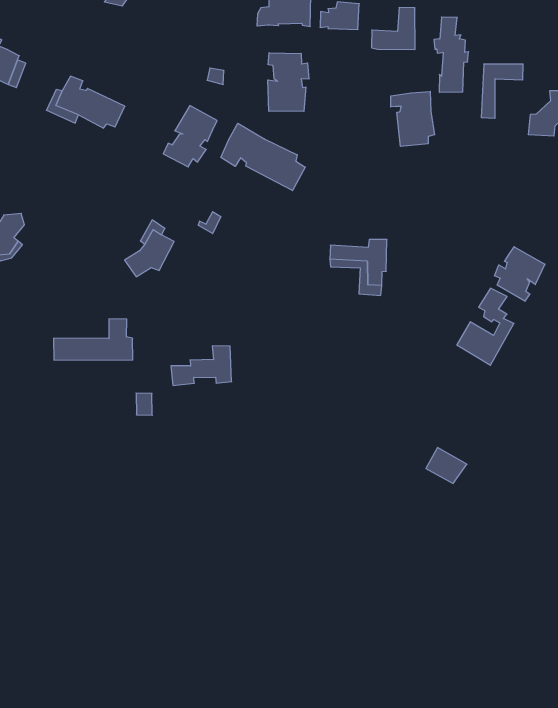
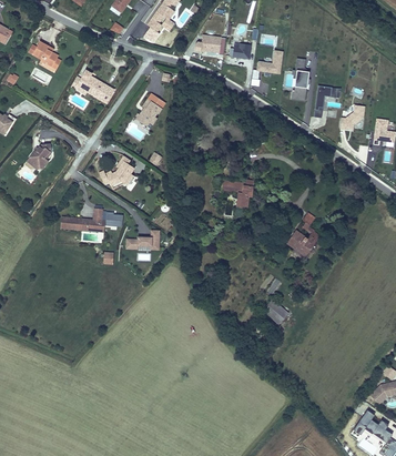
building: [268,53,309,111] -> none
building: [391,91,435,146] -> none
building: [221,123,305,191] -> none
building: [495,247,545,301] -> none

